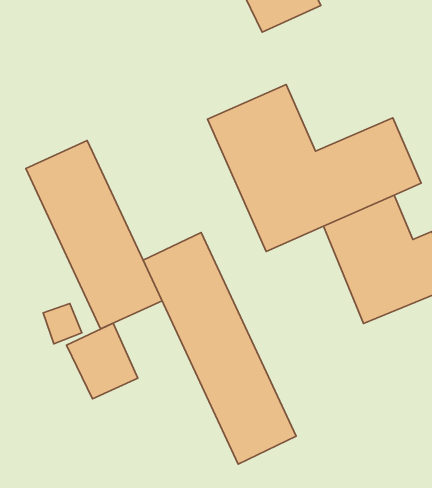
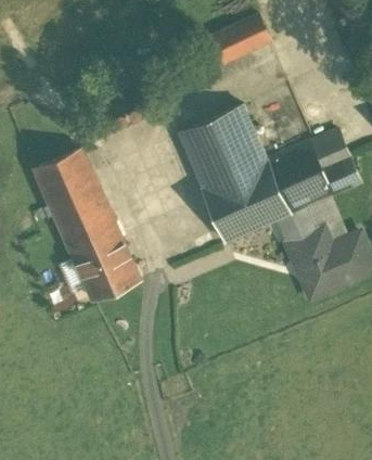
building: [143,232,296,464] -> none
building: [66,323,138,399] -> none

